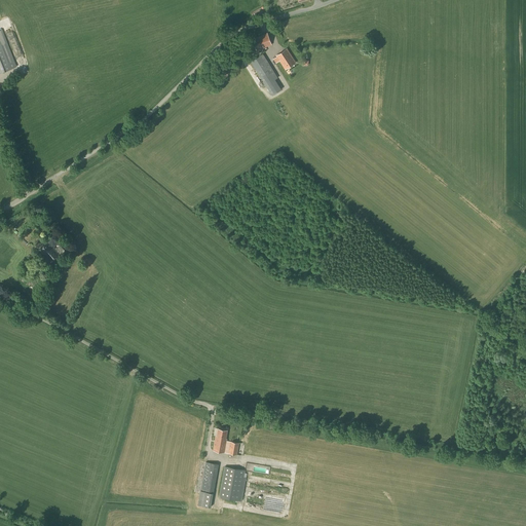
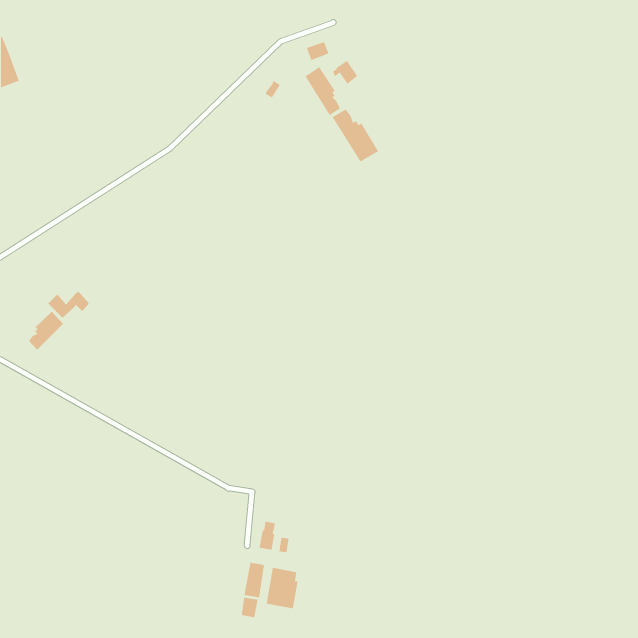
building: none -> [331,108,379,163]
building: none -> [28,311,64,350]

